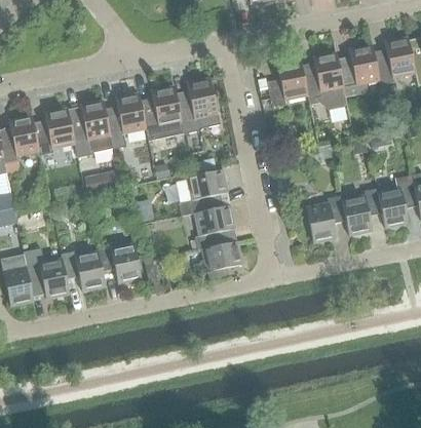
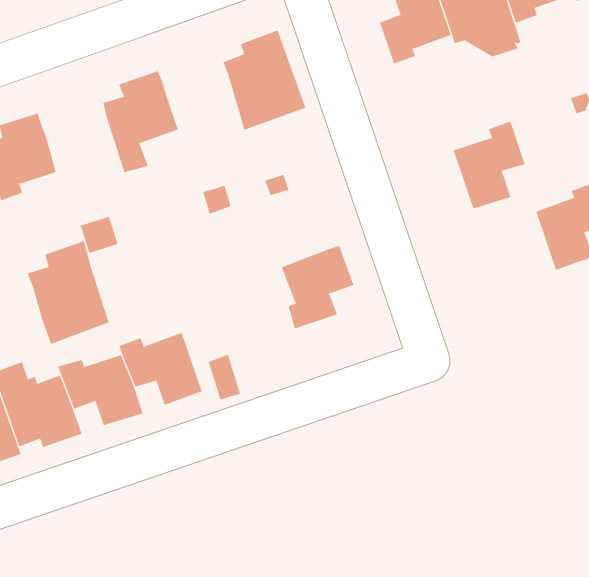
building: [141,85,183,140] -> none
building: [69,100,112,156] -> [27,240,109,344]
building: [179,168,227,215] -> none
building: [306,194,346,241] -> [453,121,525,209]
building: [193,240,242,273] -> none

